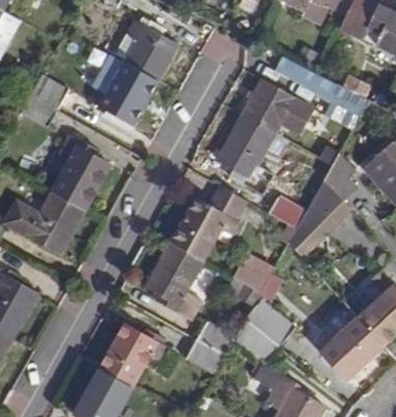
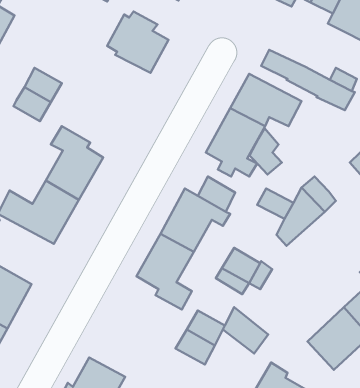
building: [84,52,159,125] -> none
building: [322,153,355,200] -> [249,128,282,175]
building: [244,298,295,345] -> none
building: [96,323,168,388] -> none

